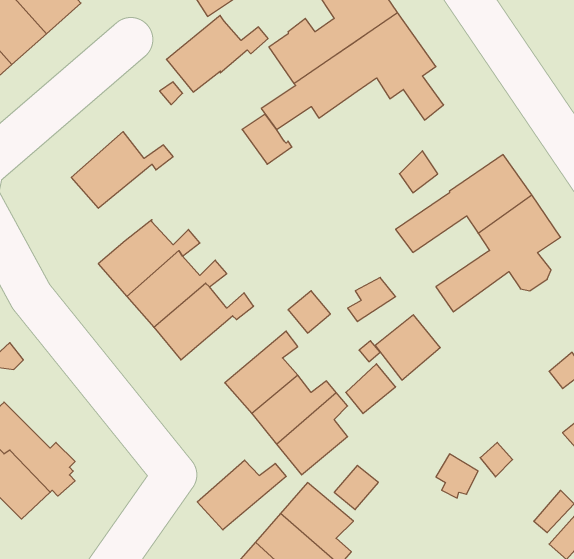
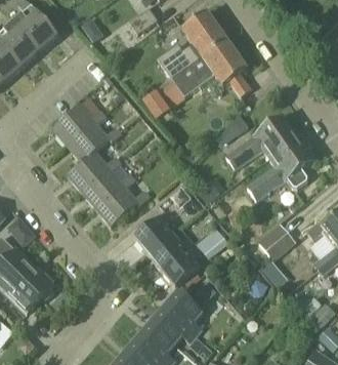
building: [166,15,268,92] -> [67,121,121,162]
building: [375,315,440,380] -> [259,225,294,259]
building: [197,460,286,530] -> none

